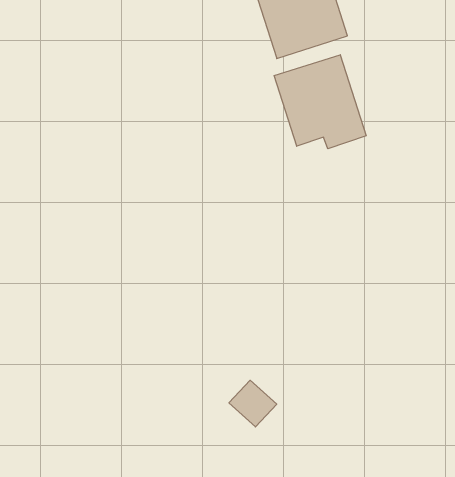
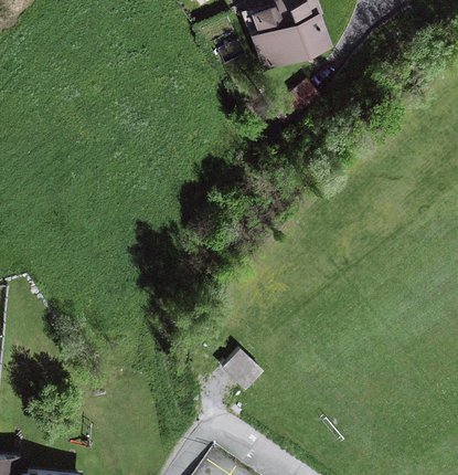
building: [274,55,366,149] -> none

